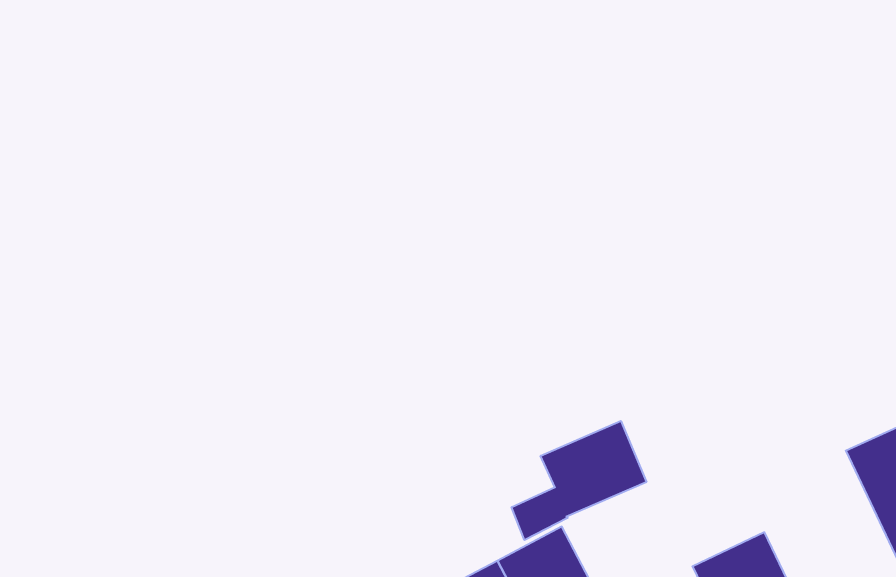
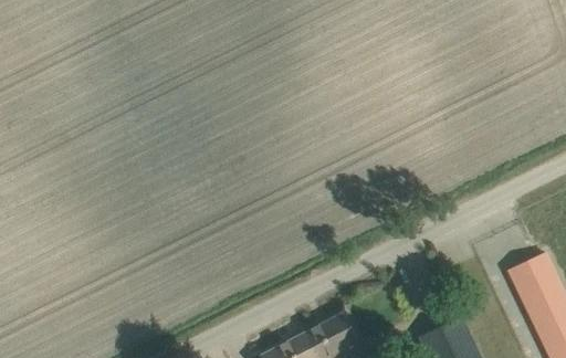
building: [512,421,646,540] -> none

